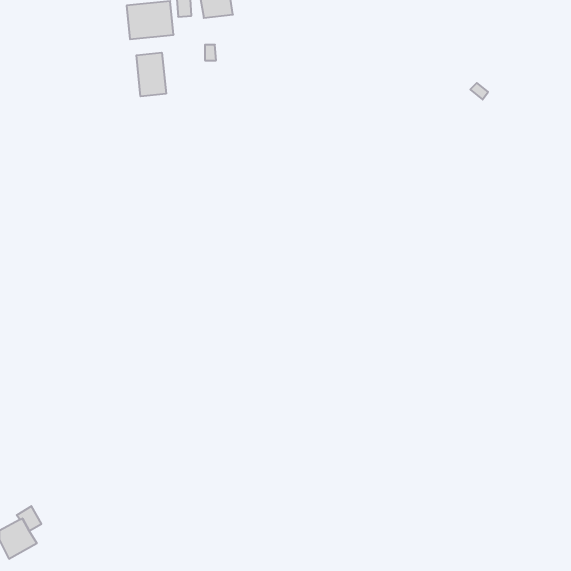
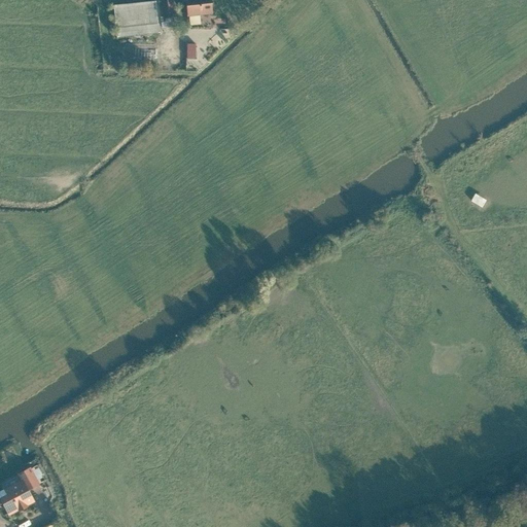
building: [136,53,166,96] -> none

